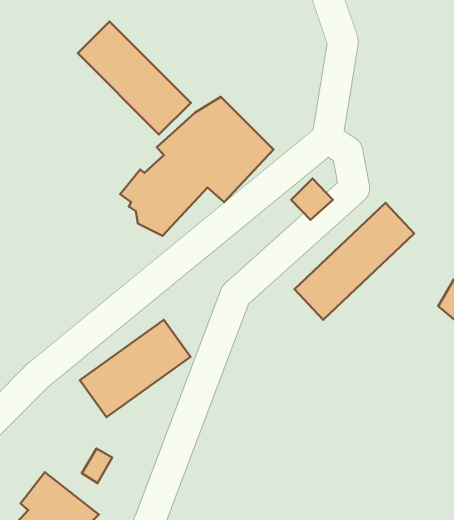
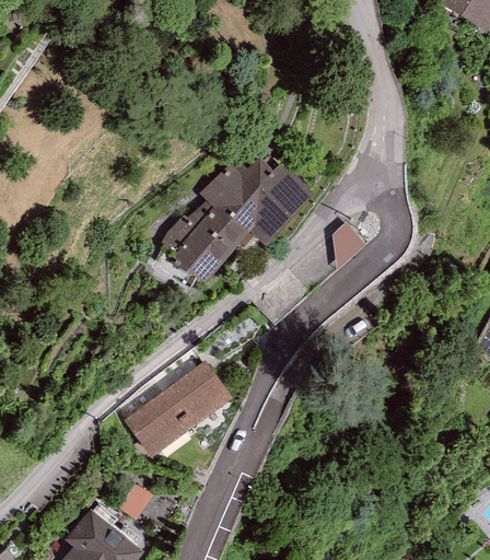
building: [78,22,191,134] -> none
building: [295,203,414,320] -> none

